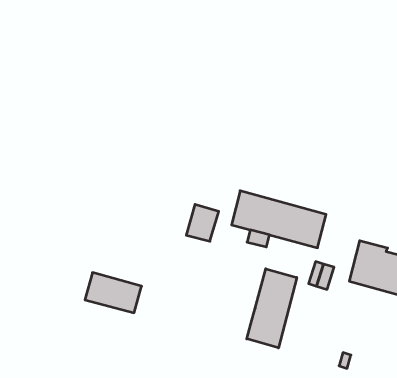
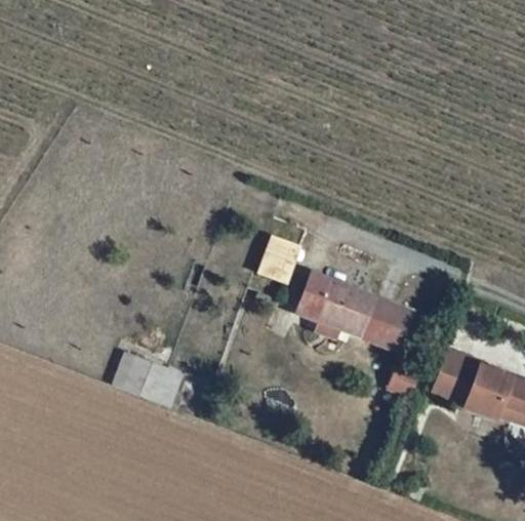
building: [186,204,219,241] -> [257,235,299,281]
building: [247,269,297,348] -> none

